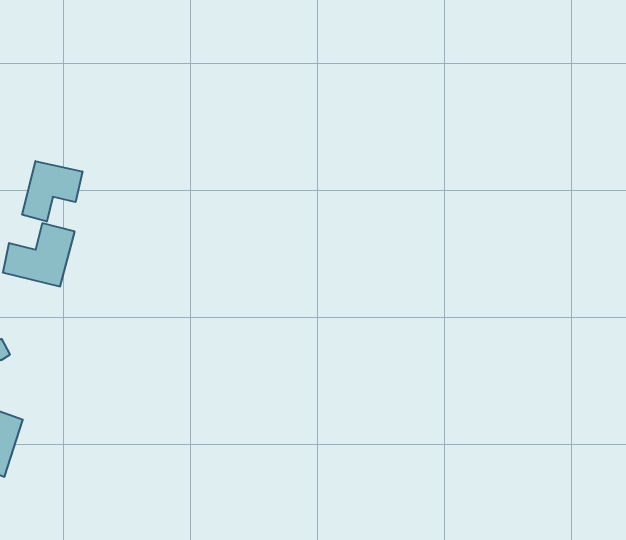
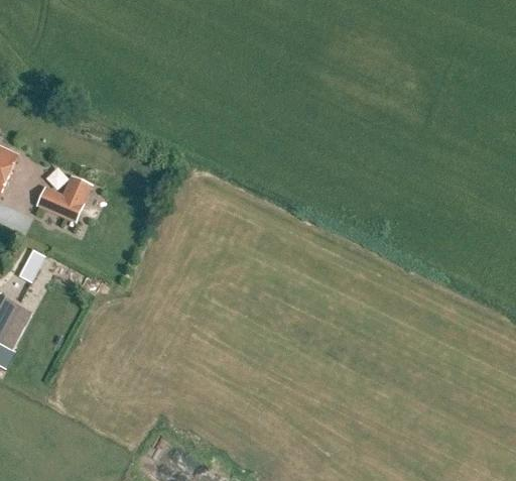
building: [22,161,82,222] -> none

